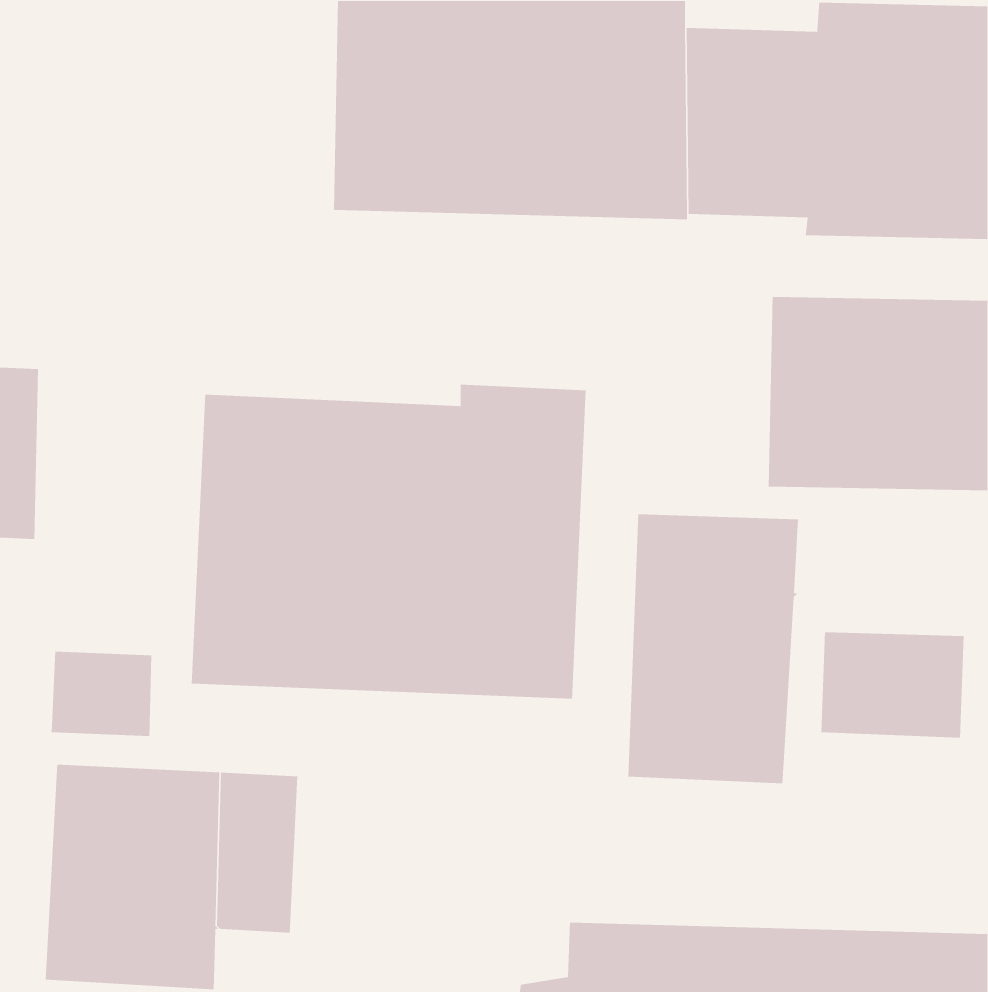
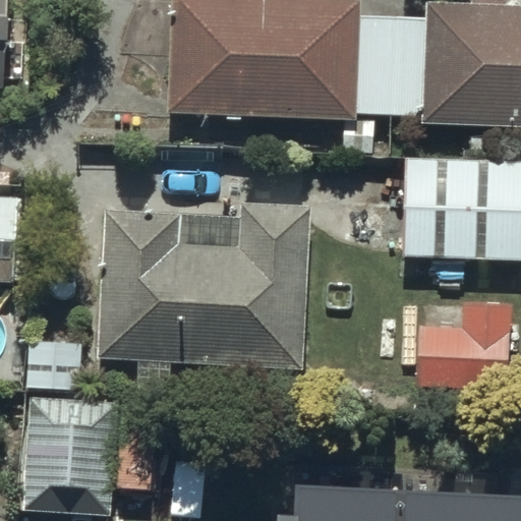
building: [628,513,799,784] -> none

